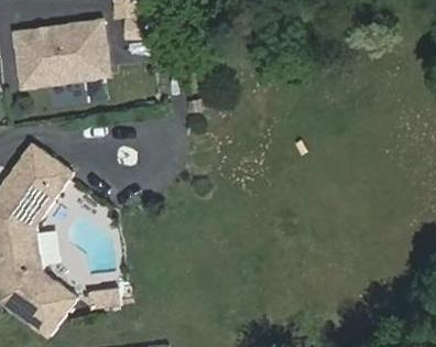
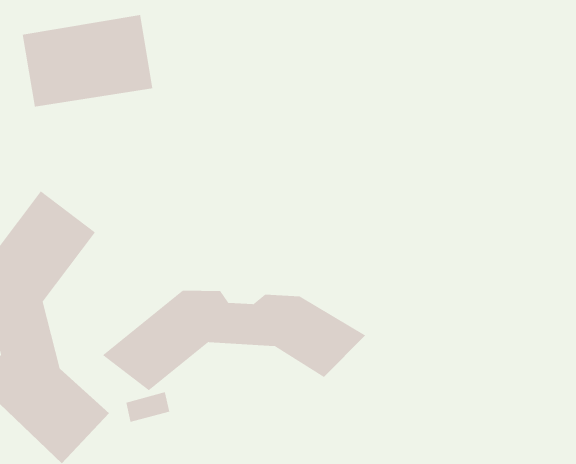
building: none -> [102,290,366,391]

